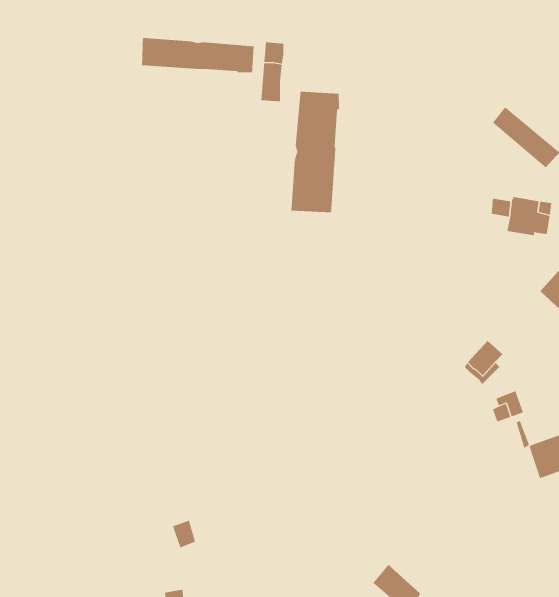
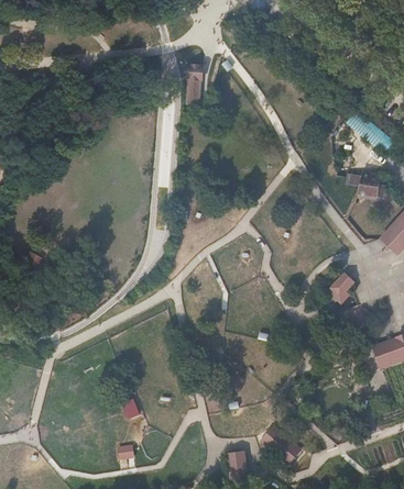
building: [142,37,254,73] -> none
building: [291,91,339,213] -> none

